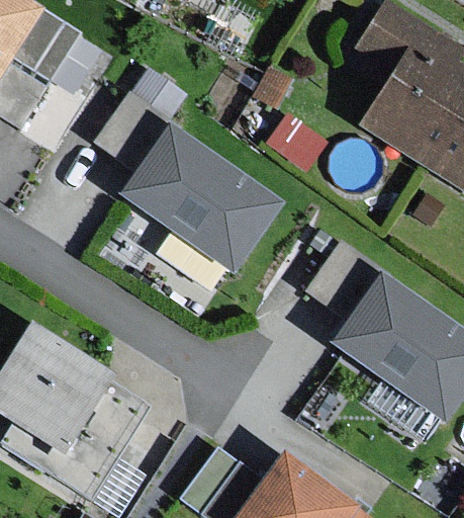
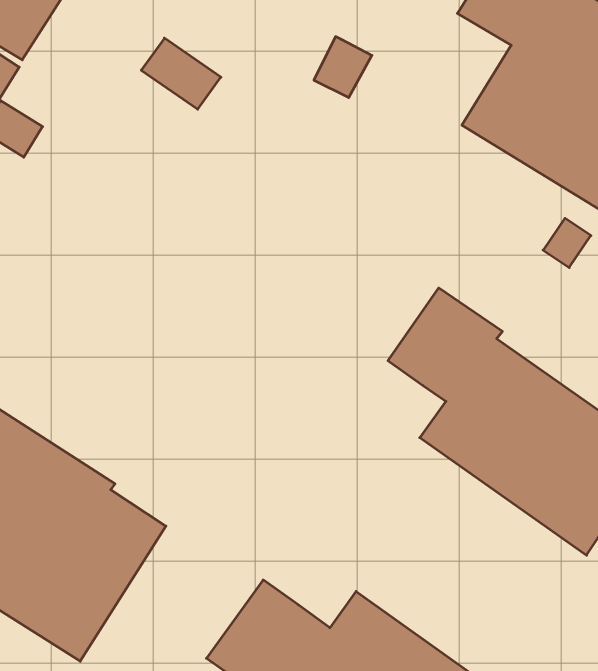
building: [97,90,285,275] -> none

